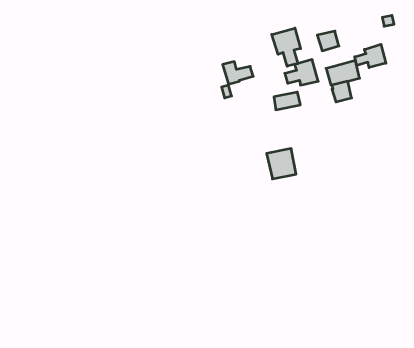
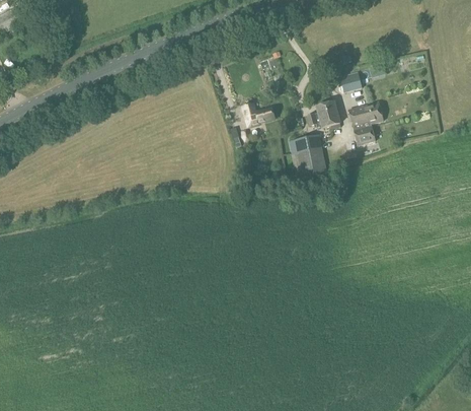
building: [272,28,301,66] -> none
building: [355,44,386,68] -> none
building: [267,149,296,179] -> [296,146,326,178]

